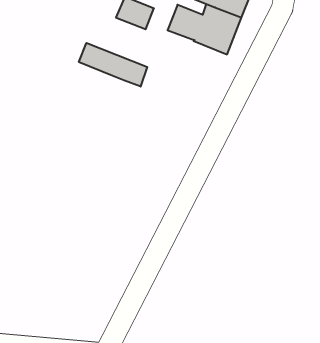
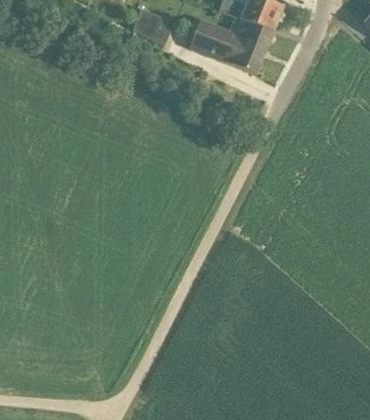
building: [79,43,147,87] -> none

